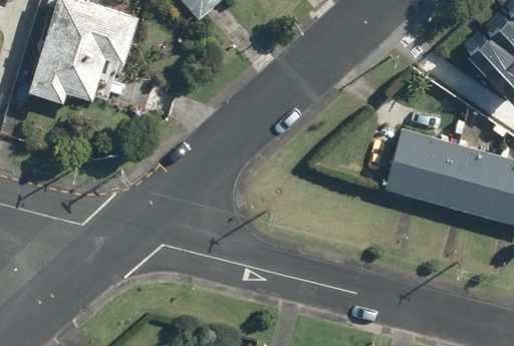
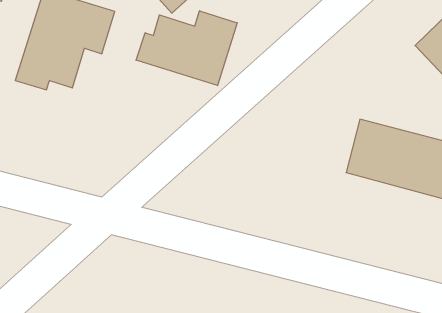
building: none -> [136,11,237,86]

